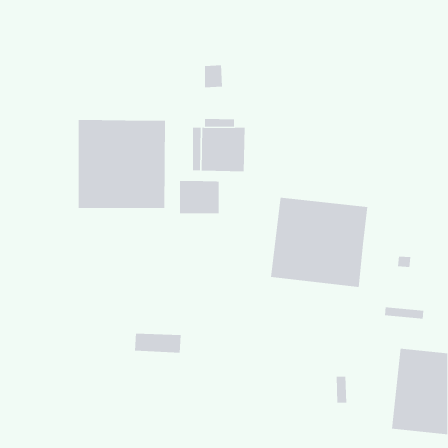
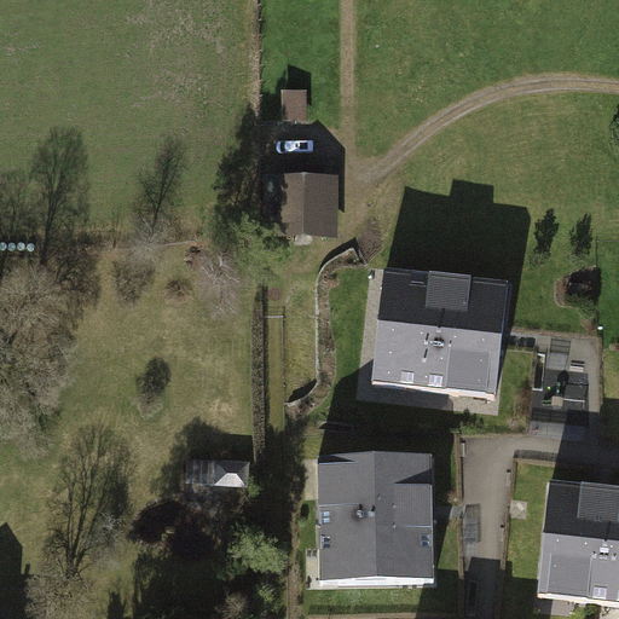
building: [78,119,166,209] -> none
building: [180,180,219,214] -> none
building: none -> [317,453,432,579]

